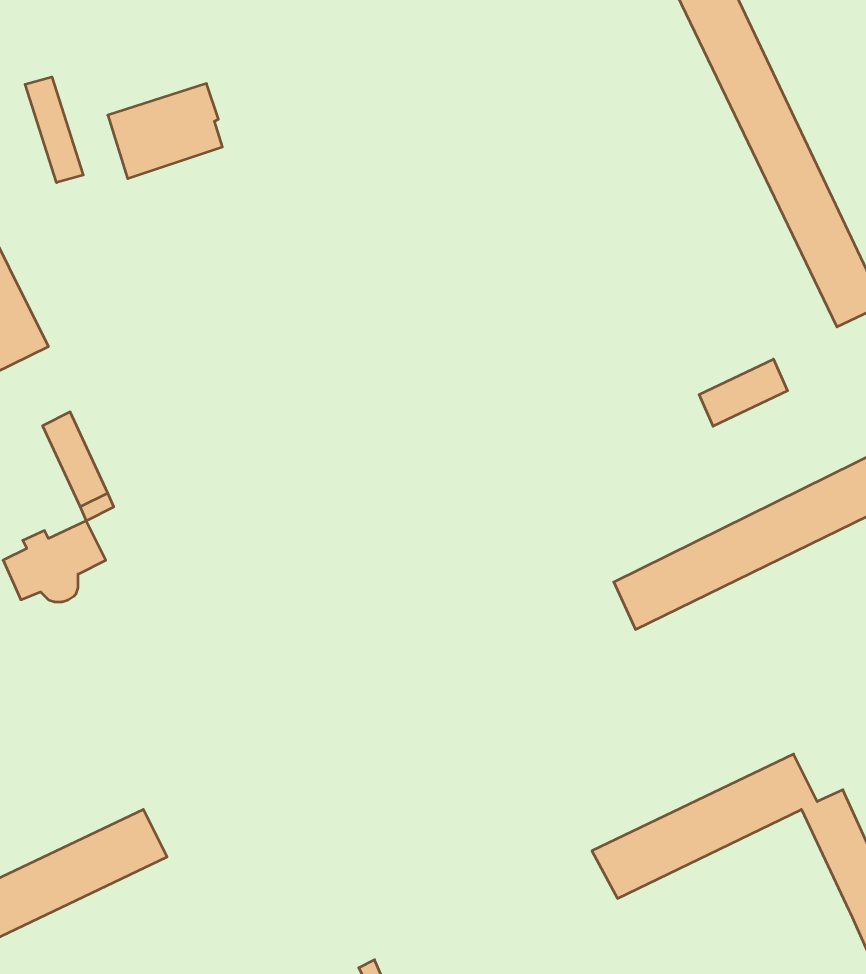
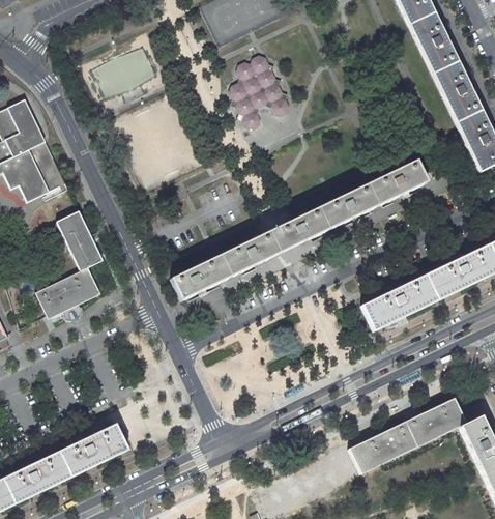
building: [25,77,83,183] -> none
building: none -> [231,56,291,128]
building: none -> [170,161,426,299]
building: [699,359,788,426] -> none

